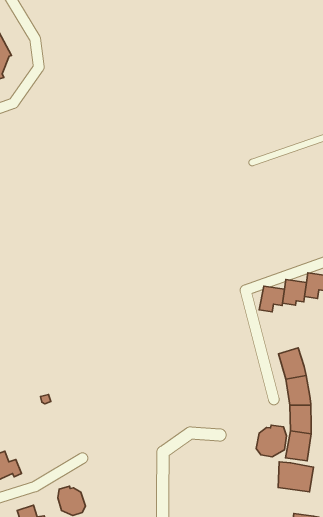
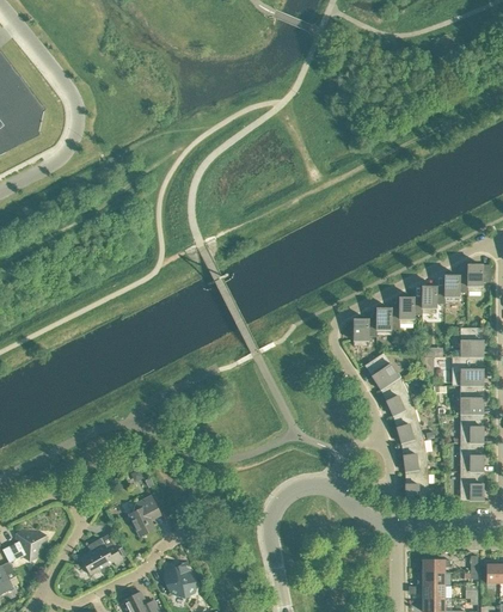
building: none -> [363,351,400,388]
building: none -> [128,494,161,536]
building: [256,425,286,457] -> none
building: [278,462,314,492] -> none

